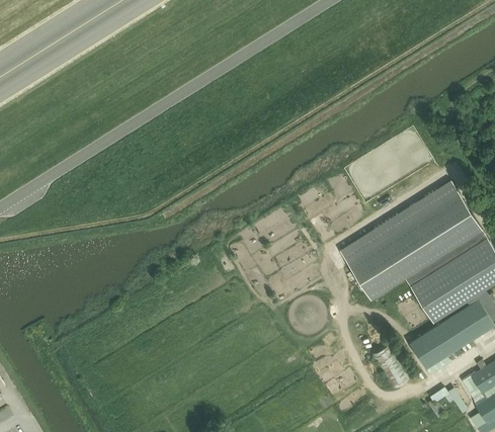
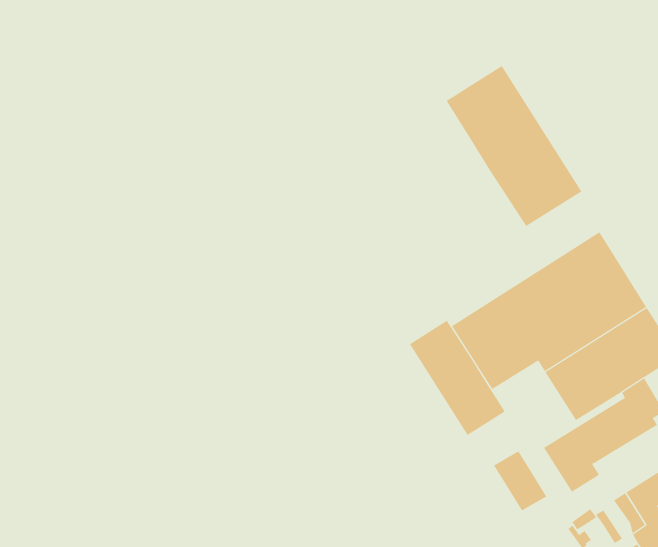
building: none -> [446,65,582,227]
building: none -> [409,320,505,436]

